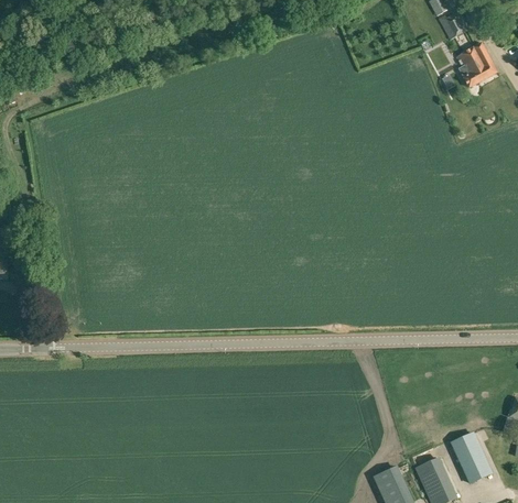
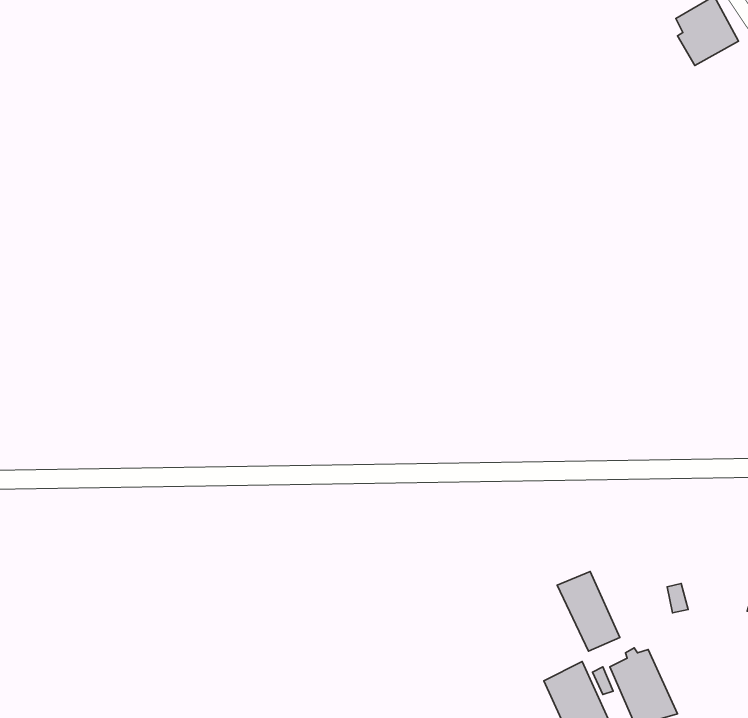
building: [453,433,493,483] -> [557,571,620,651]

